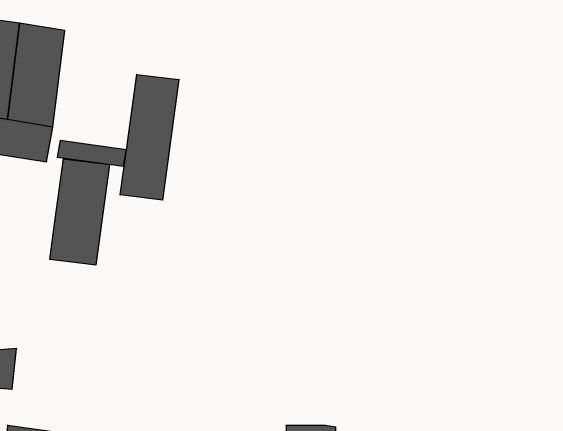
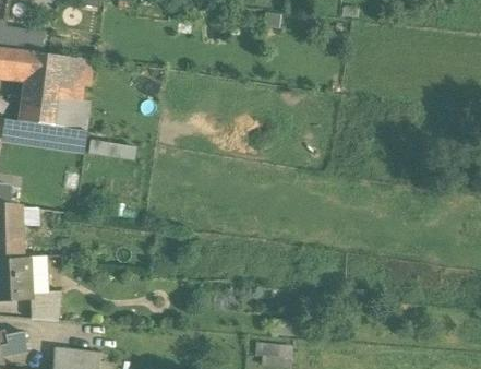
building: [120,74,179,200] -> none
building: [50,159,110,265] -> none

